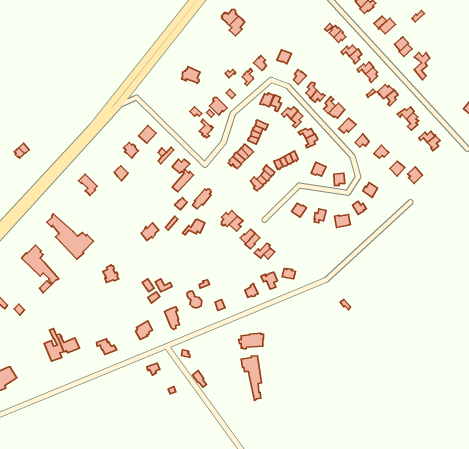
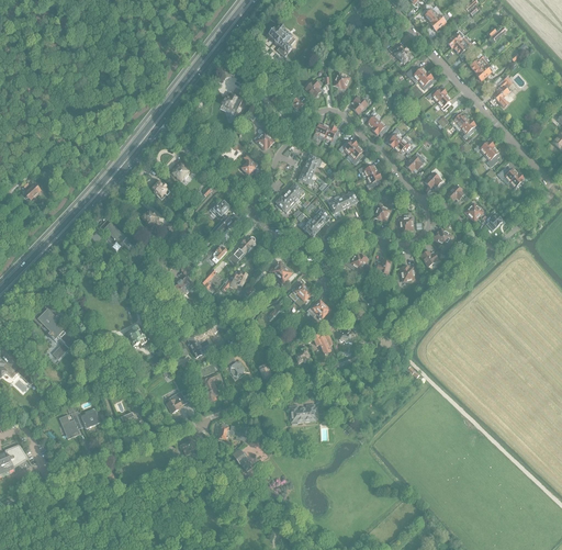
building: [47,214,94,259] -> none
building: [241,356,261,401] -> none

